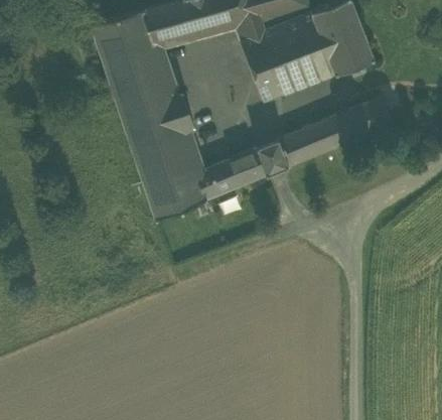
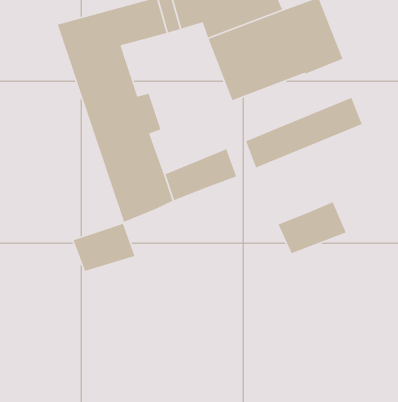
building: [259,141,287,176] -> none
building: none -> [278,201,347,254]
building: none -> [73,223,135,272]

